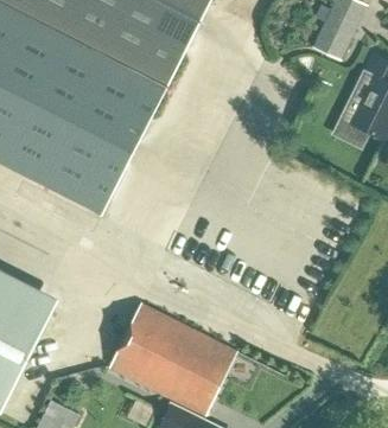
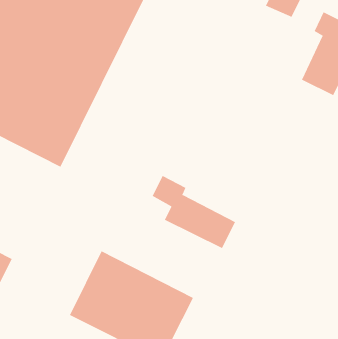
building: none -> [152,175,236,249]

